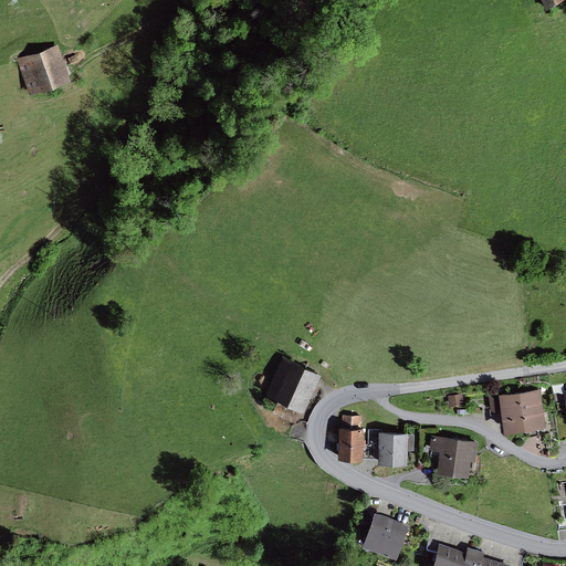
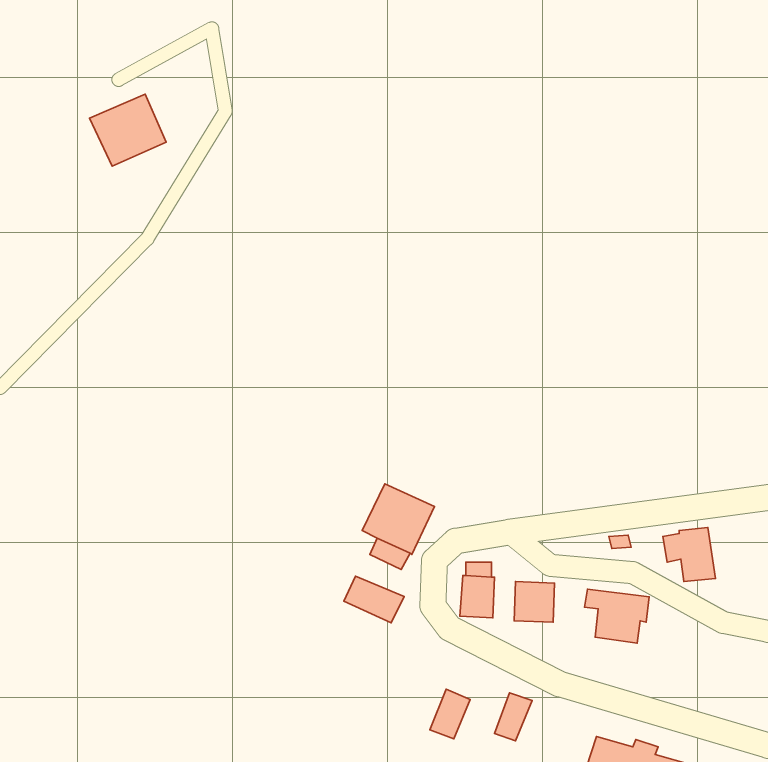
building: [13,44,70,97] -> [90,94,166,166]
building: [521,390,545,430] -> none
building: none -> [344,576,404,623]
building: [379,520,409,556] -> [430,689,470,739]

